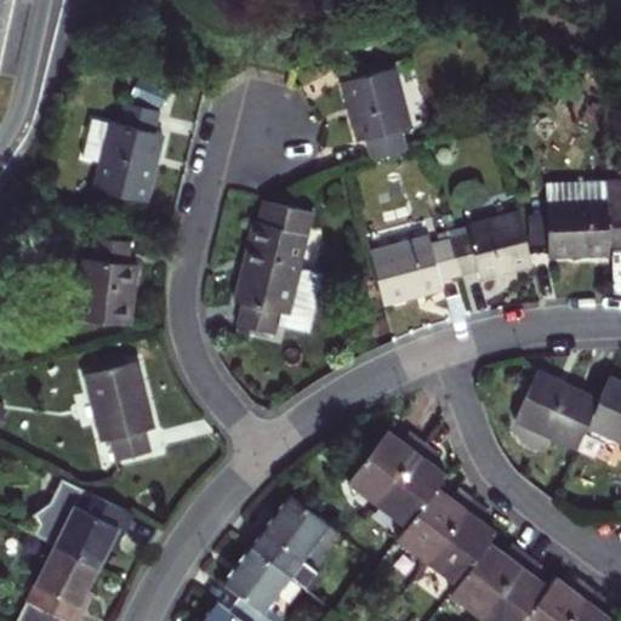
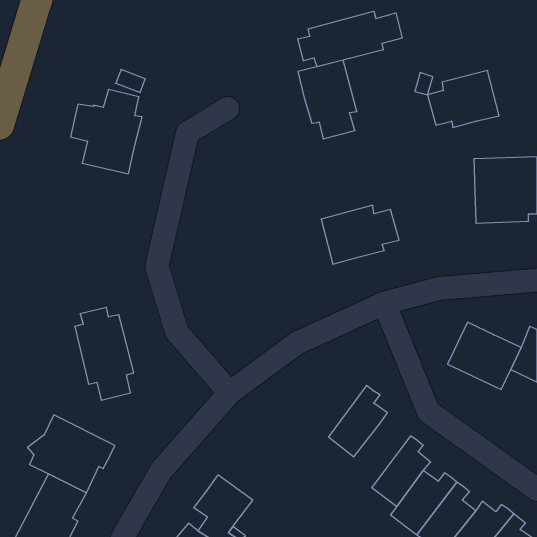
building: none -> [298,11,402,67]
building: [235,204,321,336] -> none
building: [450,215,532,280] -> [427,71,499,127]
building: [78,240,137,326] -> none
building: [348,432,422,505] -> none
building: [399,489,473,563] -> none
building: [251,496,330,588] -> none

